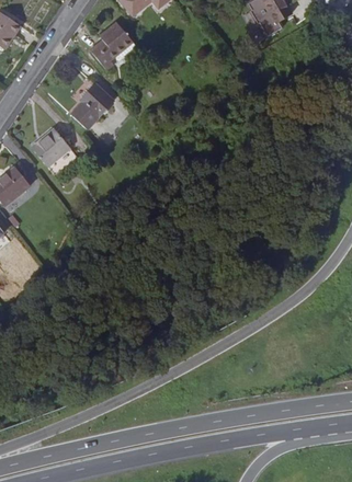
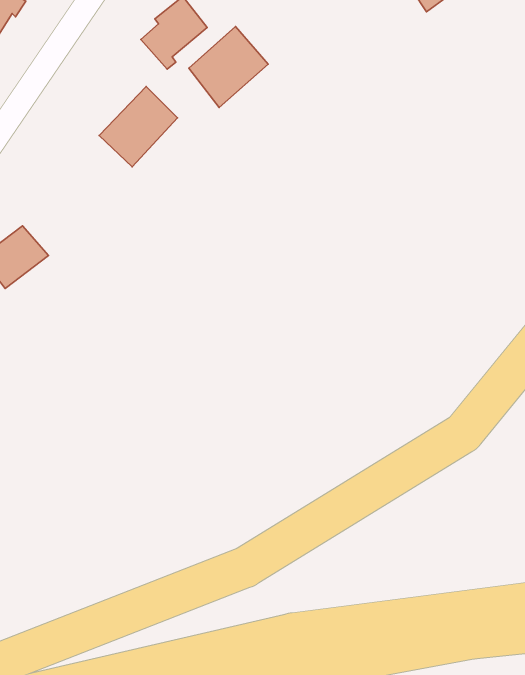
building: none -> [189,26,268,108]
building: [33,129,79,176] -> none

